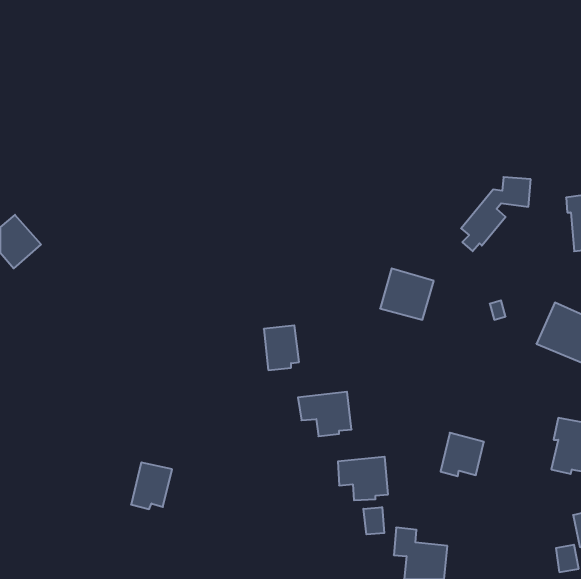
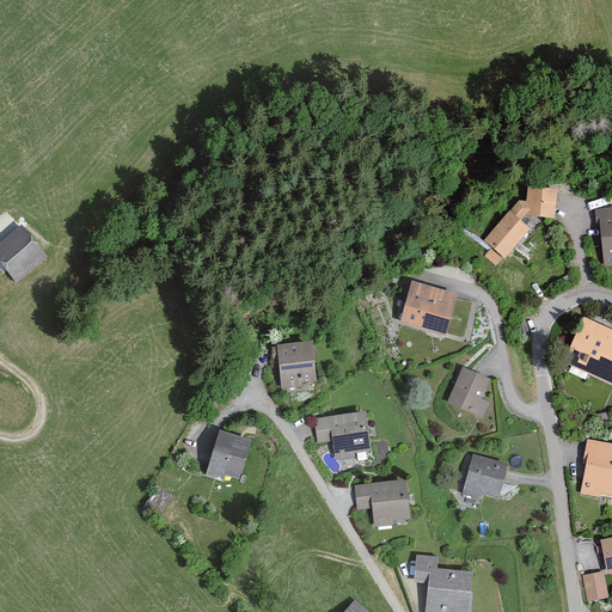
building: none -> [448,366,492,417]
building: [131,462,172,509] -> [207,430,250,479]
building: [363,507,384,534] -> none

